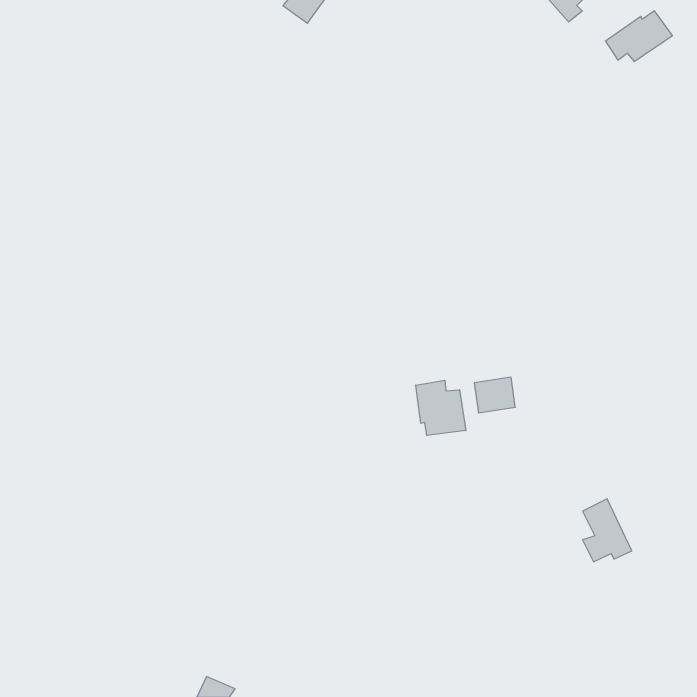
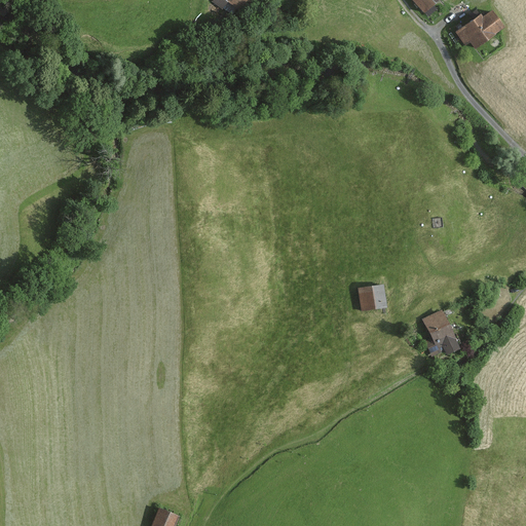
building: [416,380,466,436] -> none
building: [583,499,632,562] -> [424,309,461,356]

